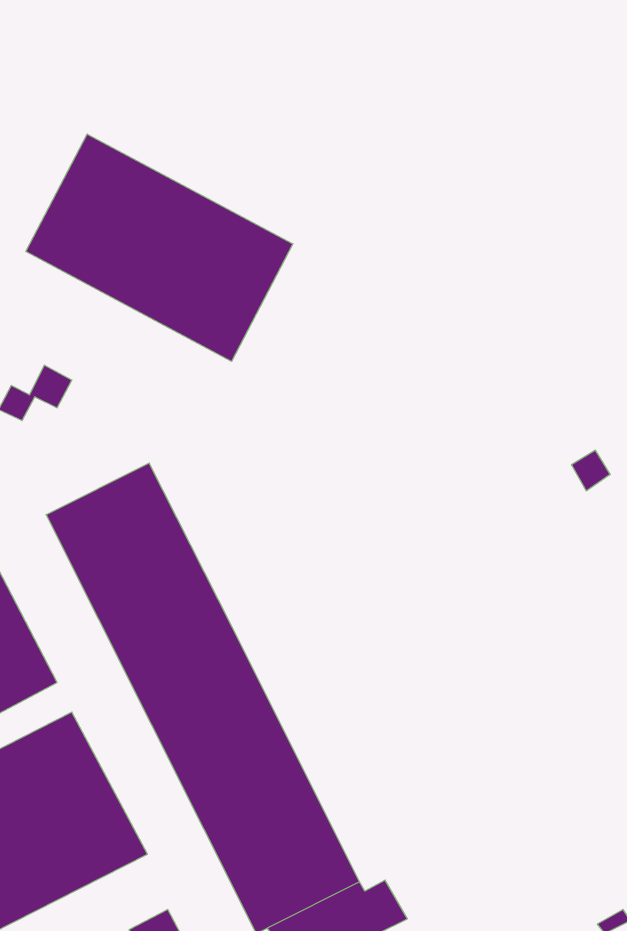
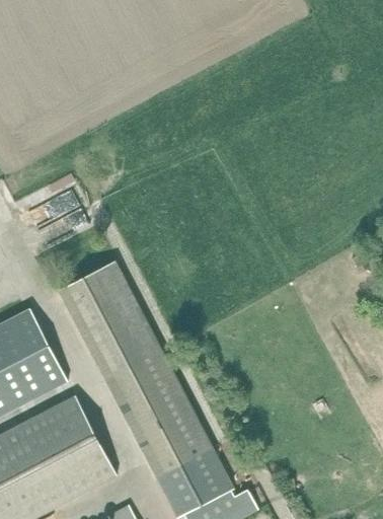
building: [26,134,293,361] -> none

